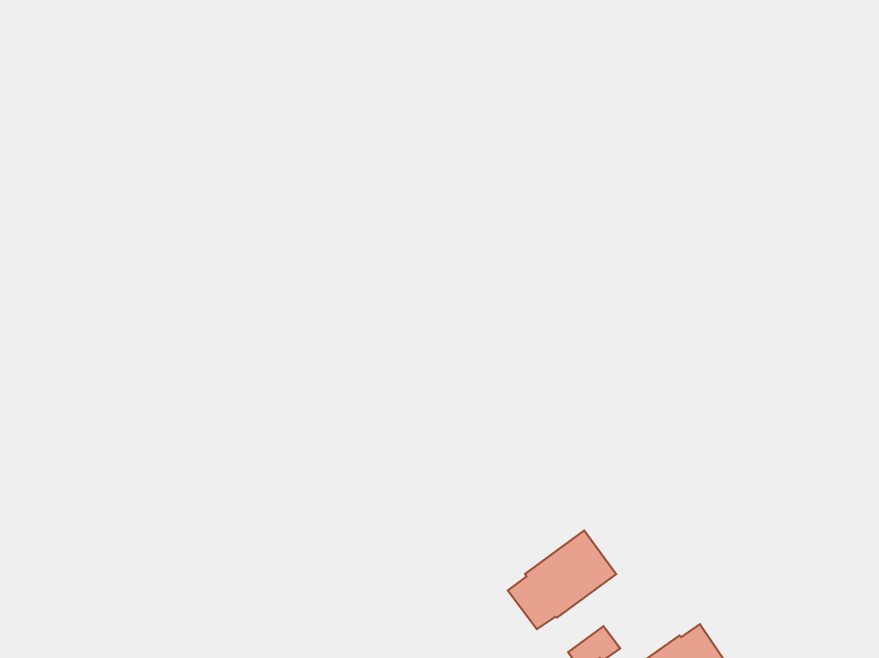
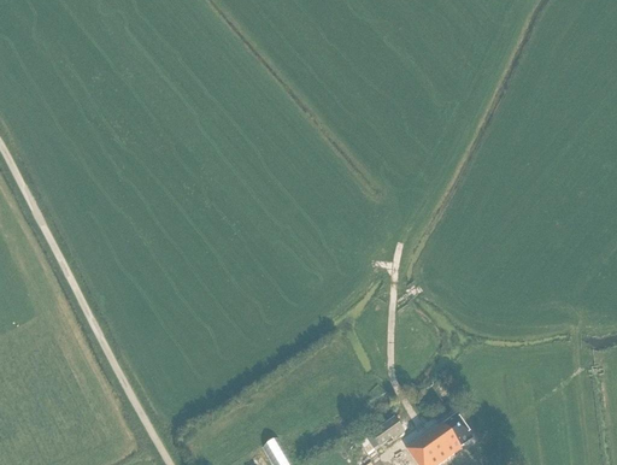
building: [508,530,616,629] -> none

